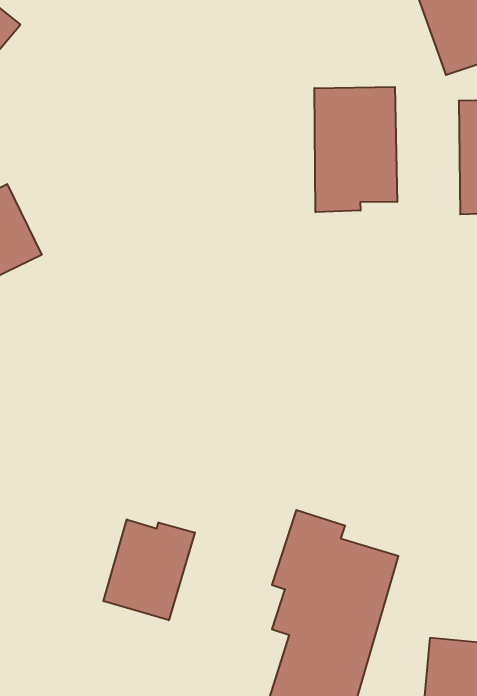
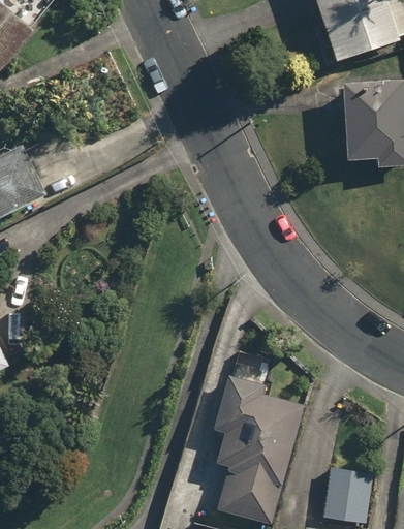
building: [314,87,397,212] -> none
building: [103,519,195,620] -> none

